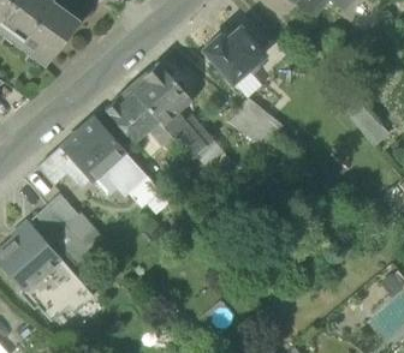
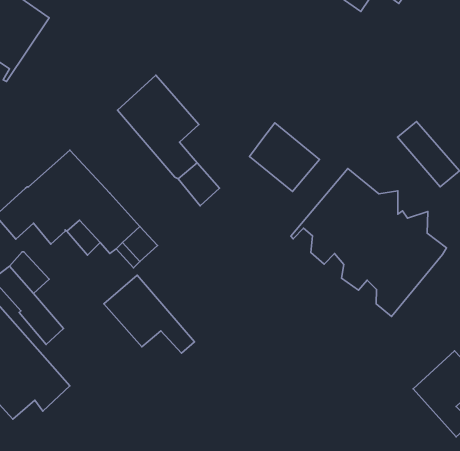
building: [203,25,266,83] -> none
building: [106,88,174,146] -> [104,275,194,353]
building: none -> [291,169,447,317]

